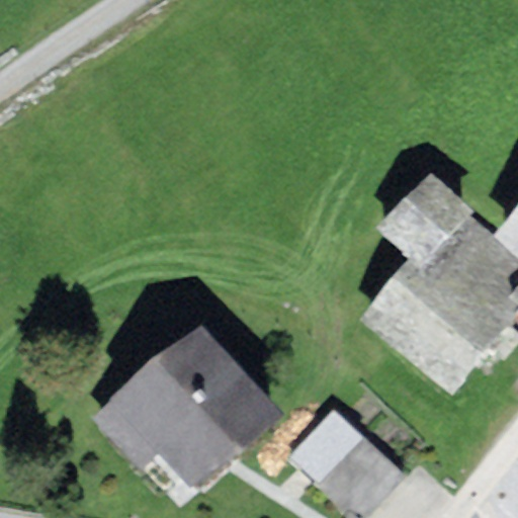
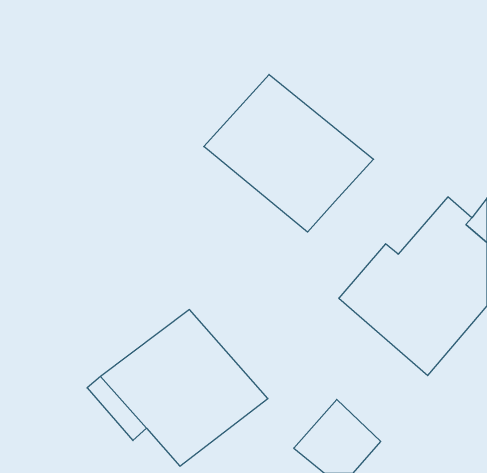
building: none -> [204,74,374,232]
building: [375,170,473,269] -> none

